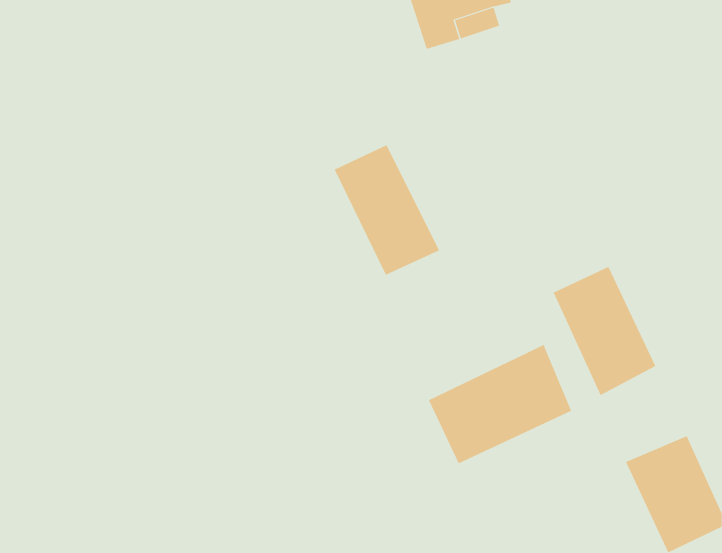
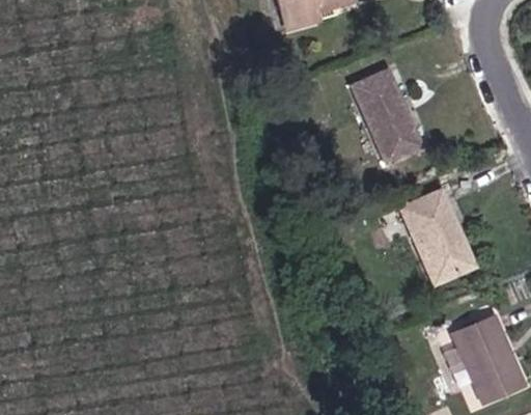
building: [334,144,440,275] -> [350,68,424,161]
building: [428,344,572,464] -> none

